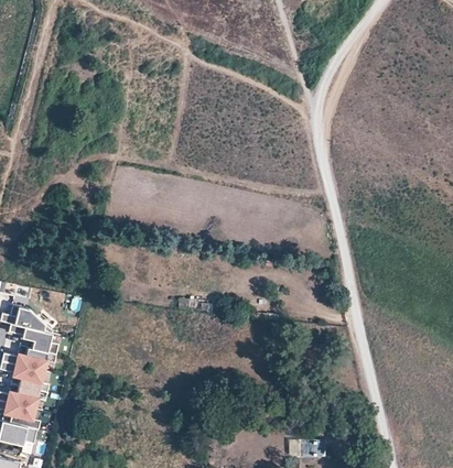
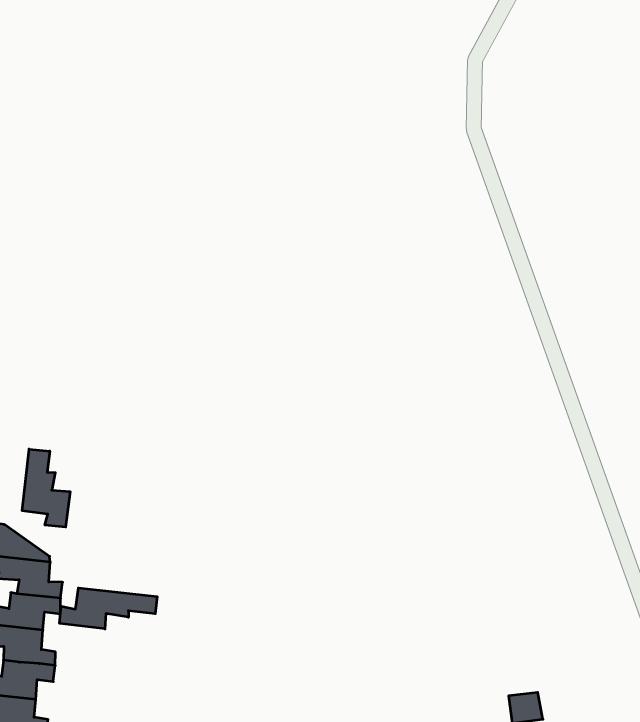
building: none -> [22,449,70,527]
building: none -> [60,588,157,629]

